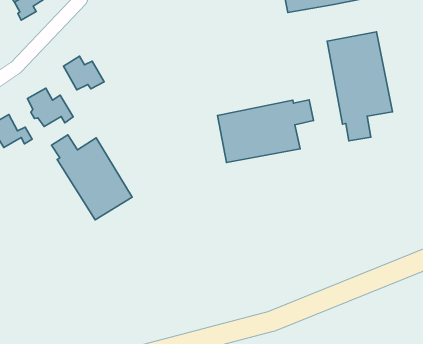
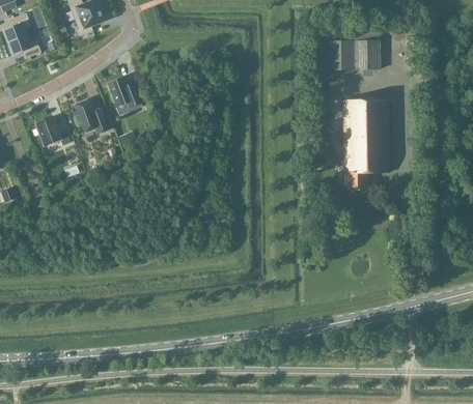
building: [217,100,314,163] -> none
building: [52,135,132,220] -> none

